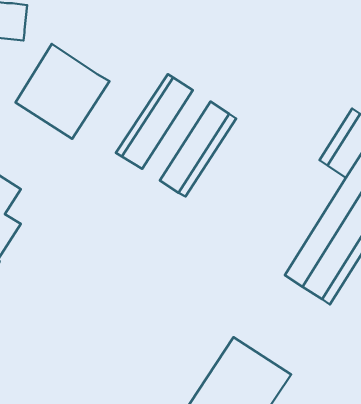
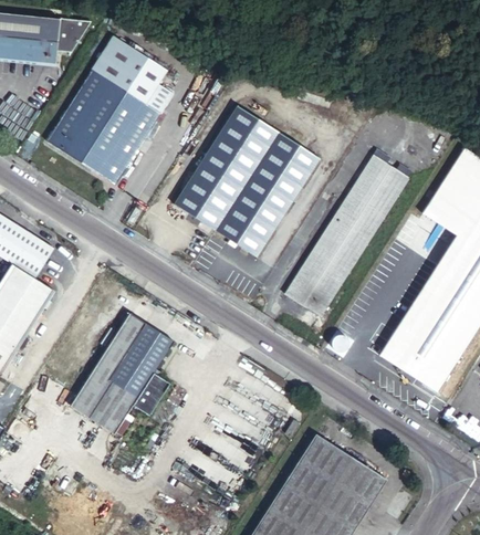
building: none -> [56,19,91,52]
building: none -> [91,33,168,105]
building: none -> [204,125,289,238]
building: none -> [285,155,409,317]
building: none -> [71,314,173,432]

